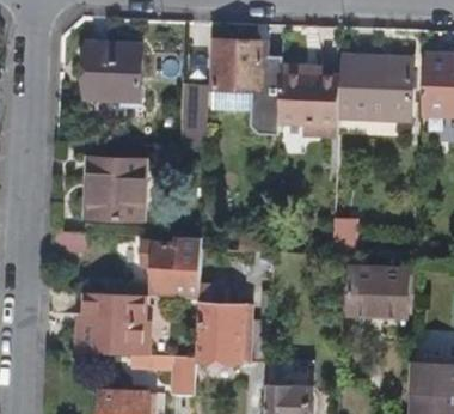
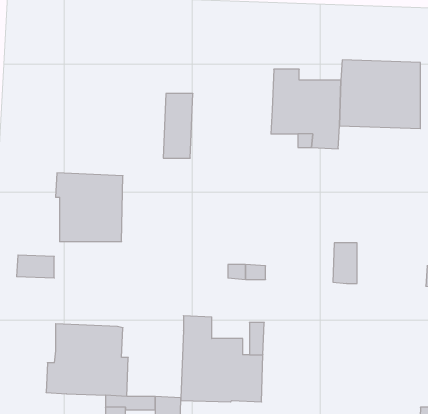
building: [210,39,280,134] -> none
building: [85,44,140,99] -> none
building: [140,237,202,298] -> none
building: [348,268,406,316] -> none

